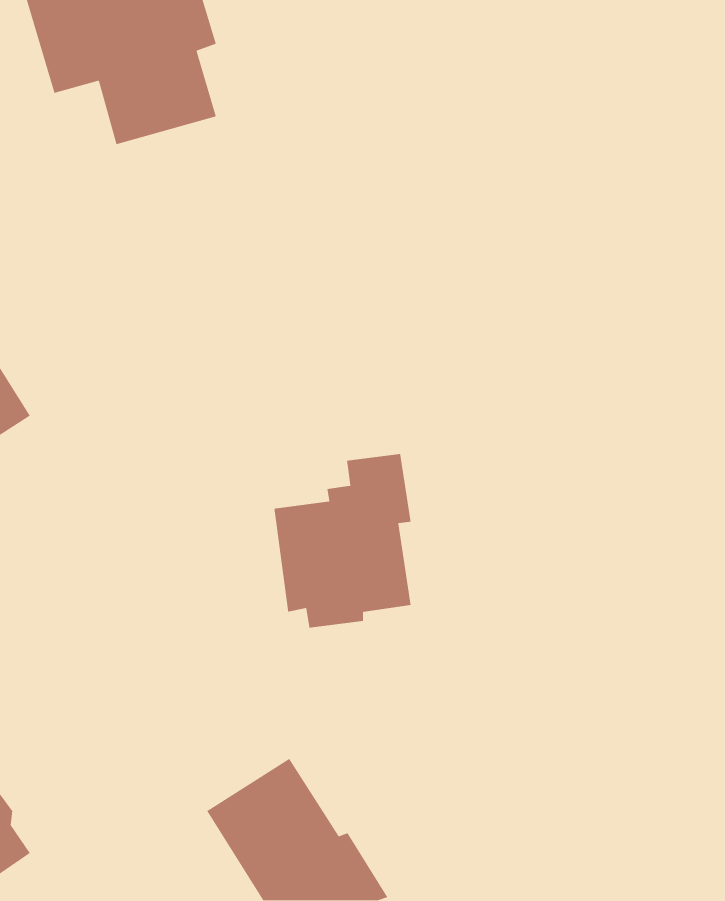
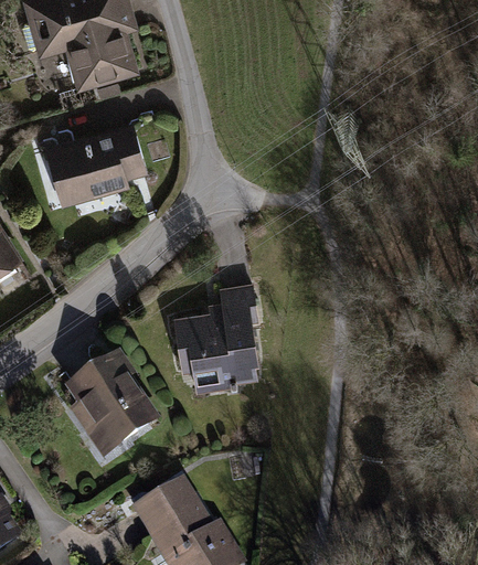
building: none -> [43,121,146,205]
building: none -> [64,347,160,457]

